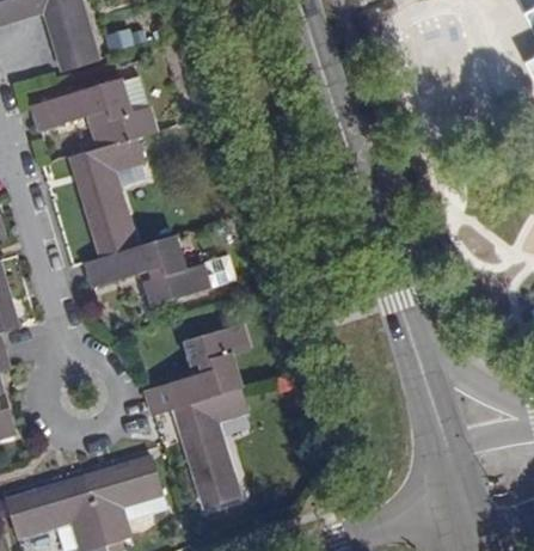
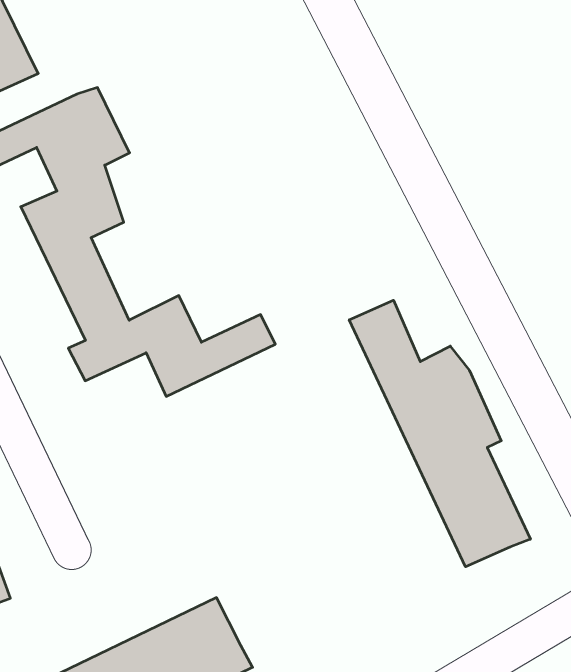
building: none -> [349,300,530,567]
building: [145,326,247,508] -> none

